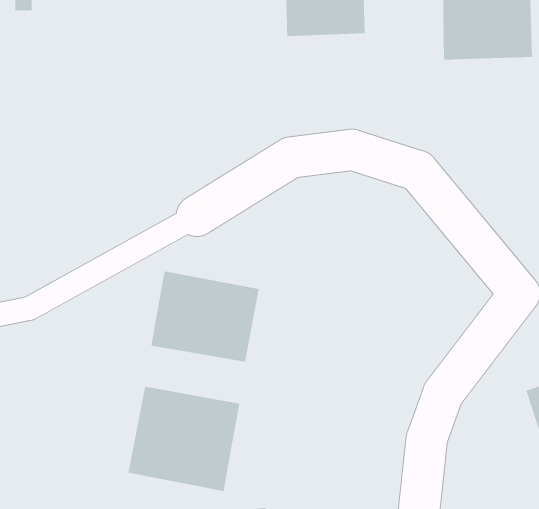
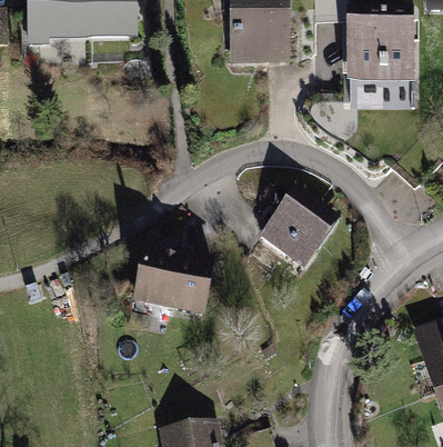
building: none -> [261,186,335,261]
building: [128,386,240,492] -> none

